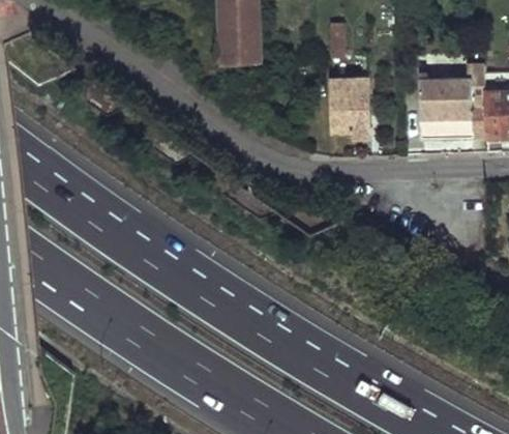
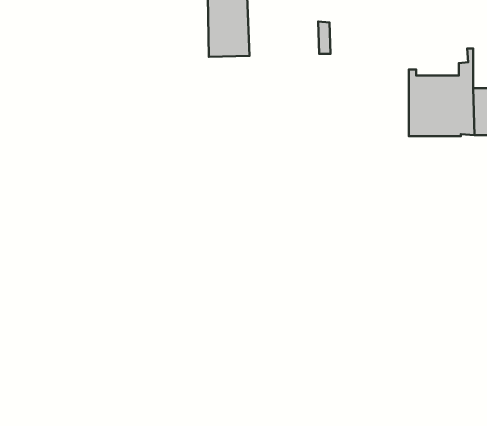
building: [330,56,368,138] -> none

